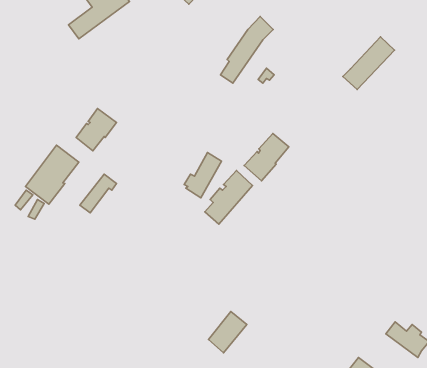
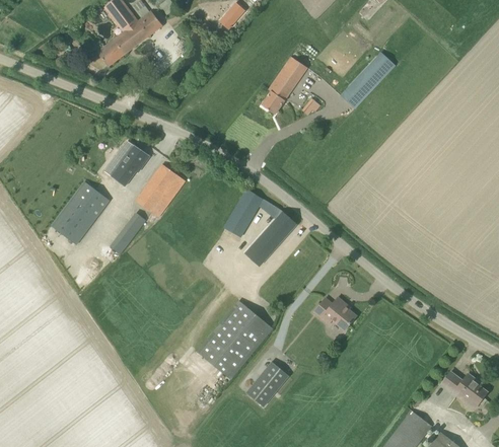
building: [343,37,395,90] -> [340,52,396,108]
building: none -> [136,163,186,217]
building: [244,133,289,181] -> none
building: none -> [313,297,356,329]
building: none -> [197,300,273,379]

